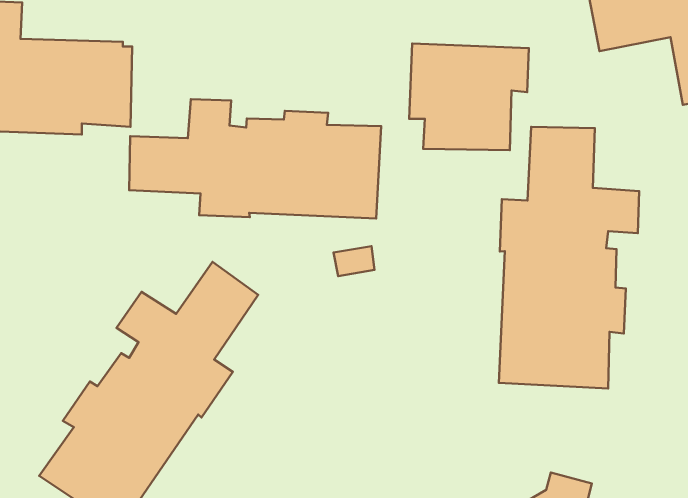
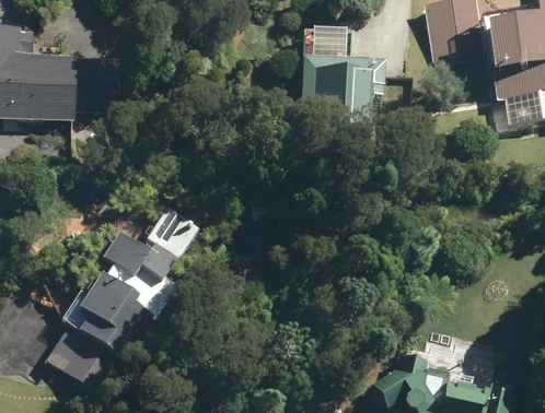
building: [129,99,381,218] -> none
building: [499,127,639,389] -> none

